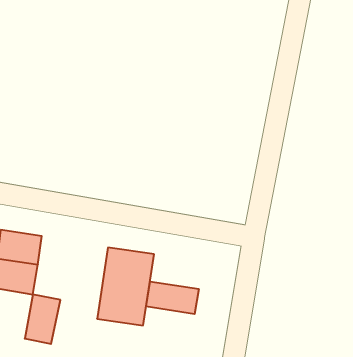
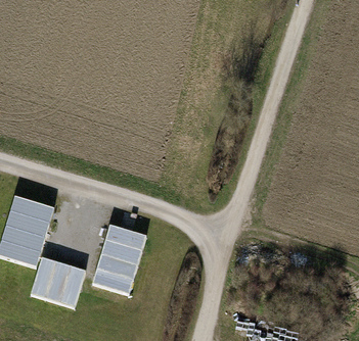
building: [146,281,199,314] -> none
building: none -> [50,263,84,305]

